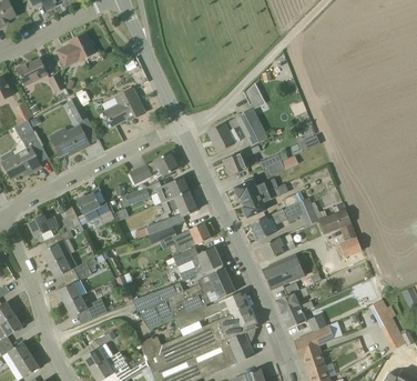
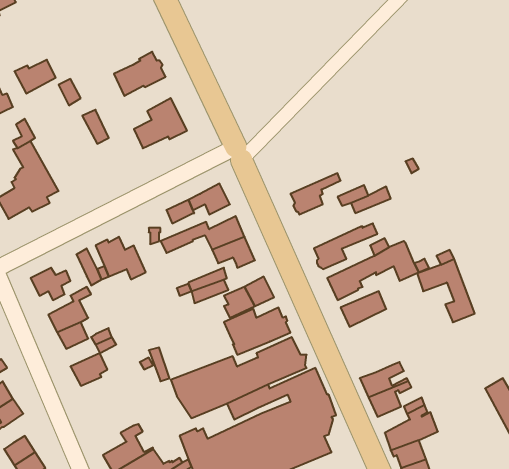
building: [57,33,95,67] -> [114,52,166,96]
building: [207,108,266,151] -> none
building: [51,126,90,156] -> none
building: [234,177,276,201] -> none
building: [262,254,304,290] -> none
building: [65,298,108,319] -> none

